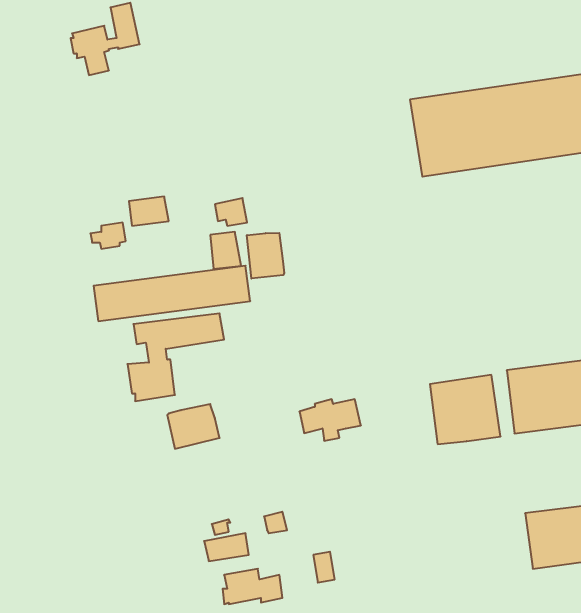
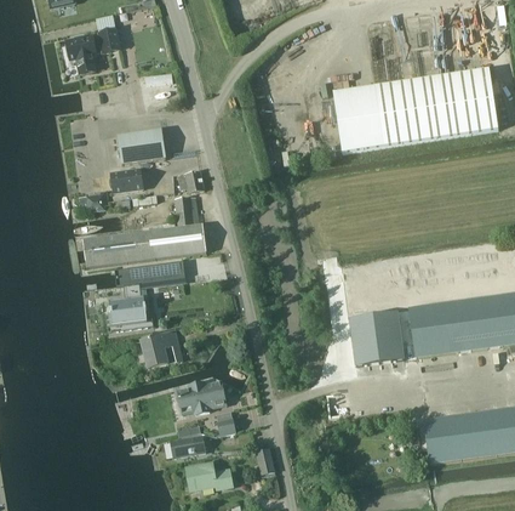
building: none -> [118,129,165,164]
building: [247,233,284,279] -> none
building: [299,399,361,441] -> [177,381,225,414]

